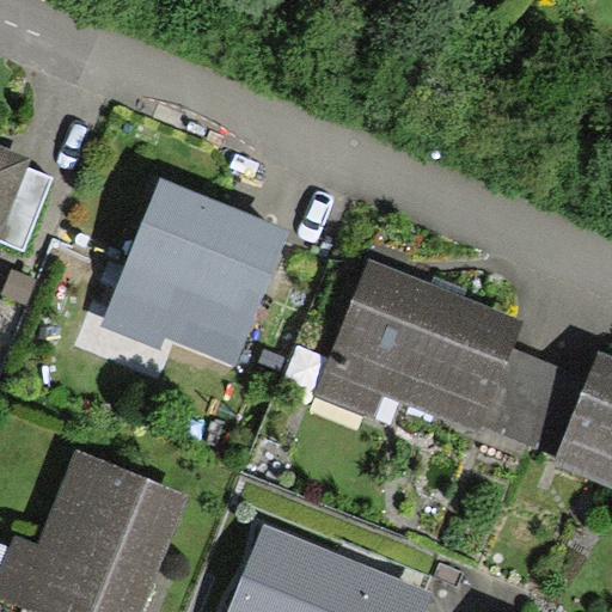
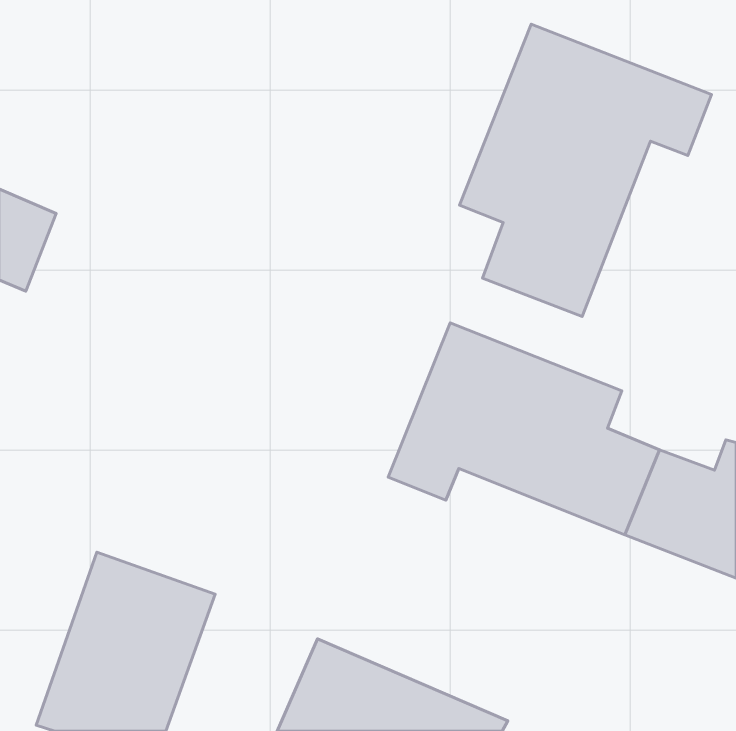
building: none -> [460,24,712,316]
building: [110,188,282,354] -> none

